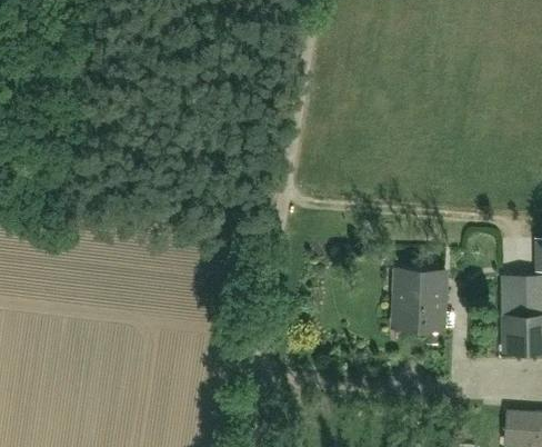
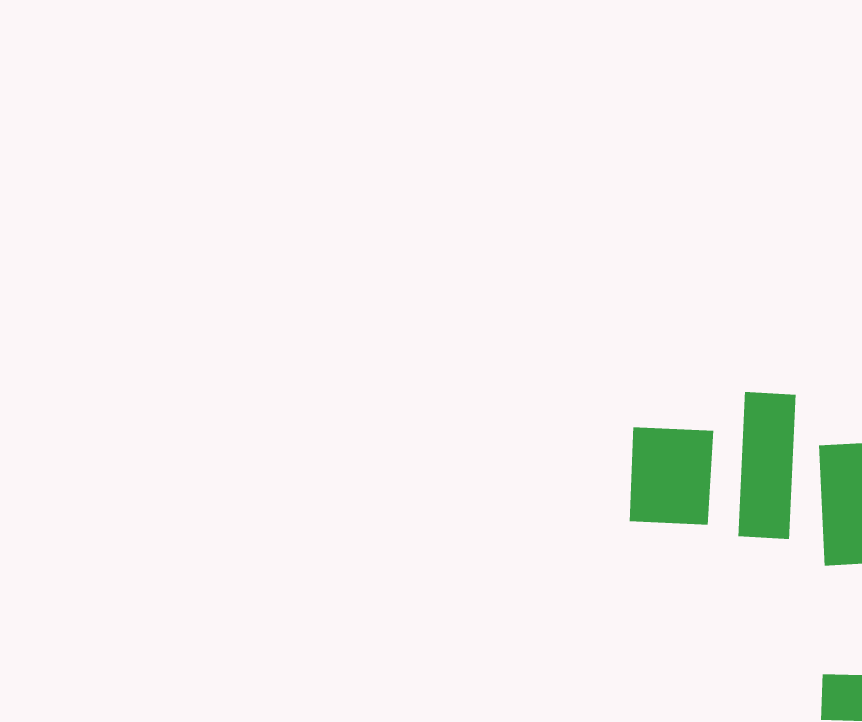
building: none -> [738,391,796,540]

